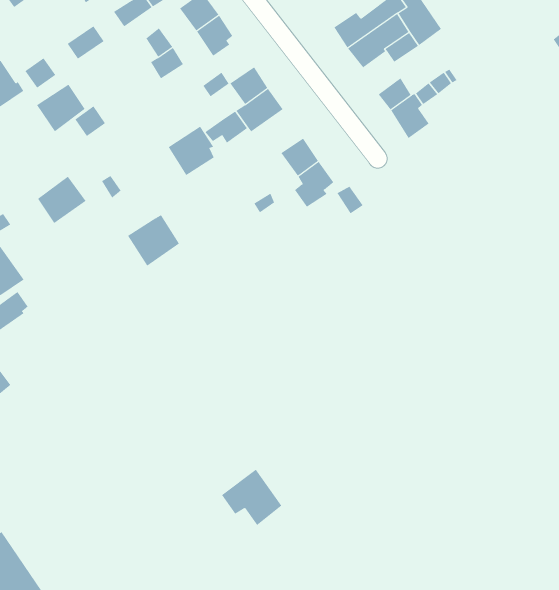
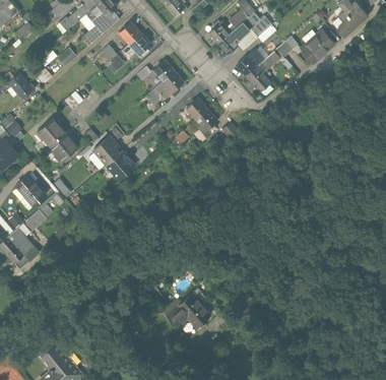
building: none -> [300,30,334,63]
building: [36,84,86,132] -> [38,121,66,149]
building: [168,126,215,176] -> [91,135,119,165]

